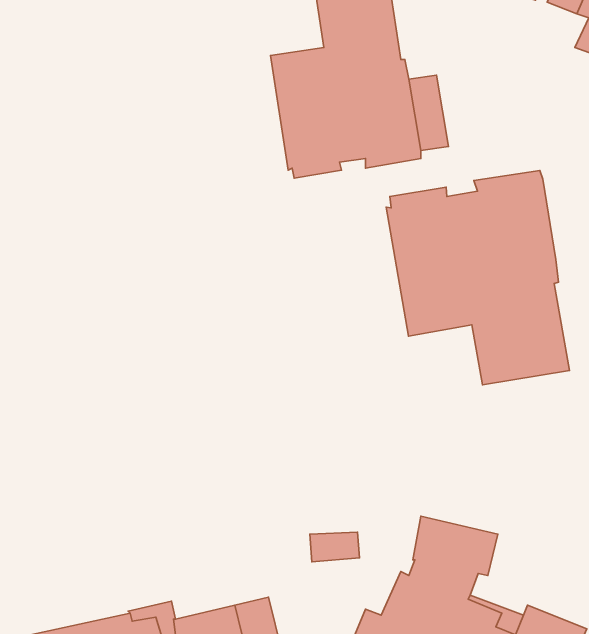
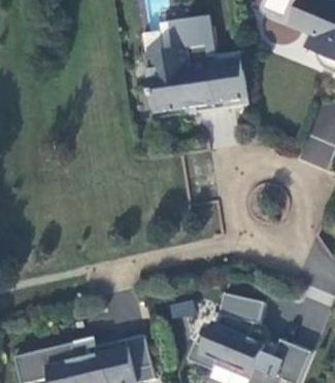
building: [386,171,569,385] -> none

